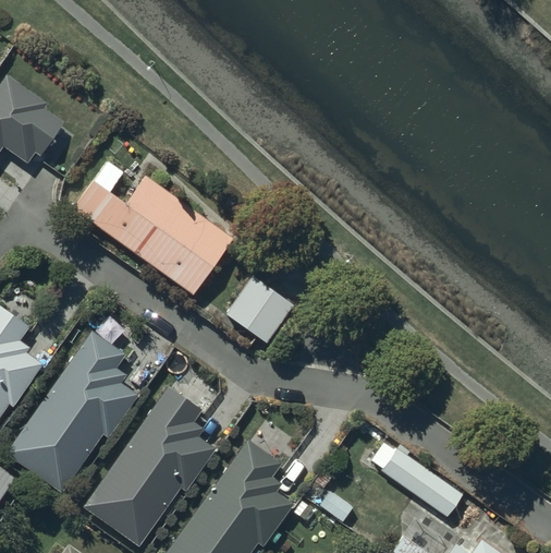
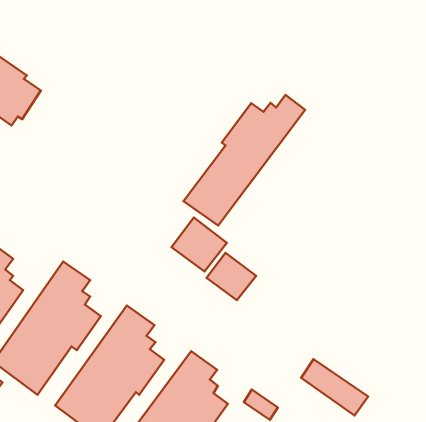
building: none -> [183,95,305,225]
building: [70,161,233,296] -> none
building: none -> [207,253,256,300]

